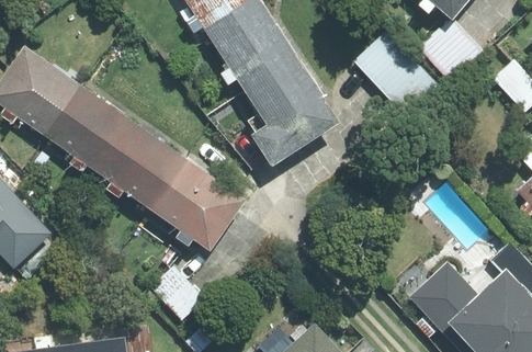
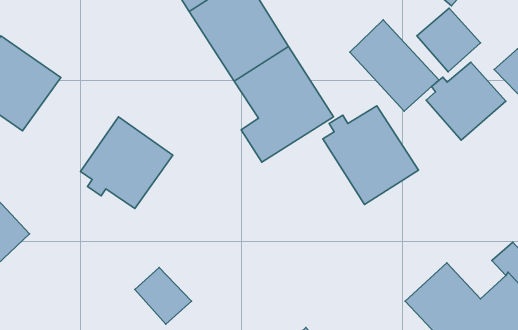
building: none -> [426,62,506,140]
building: [45,86,136,174] -> none
building: none -> [323,106,418,205]
building: [151,159,246,250] -> none

